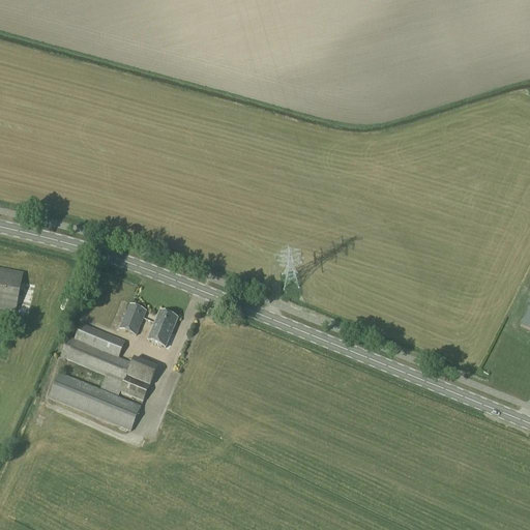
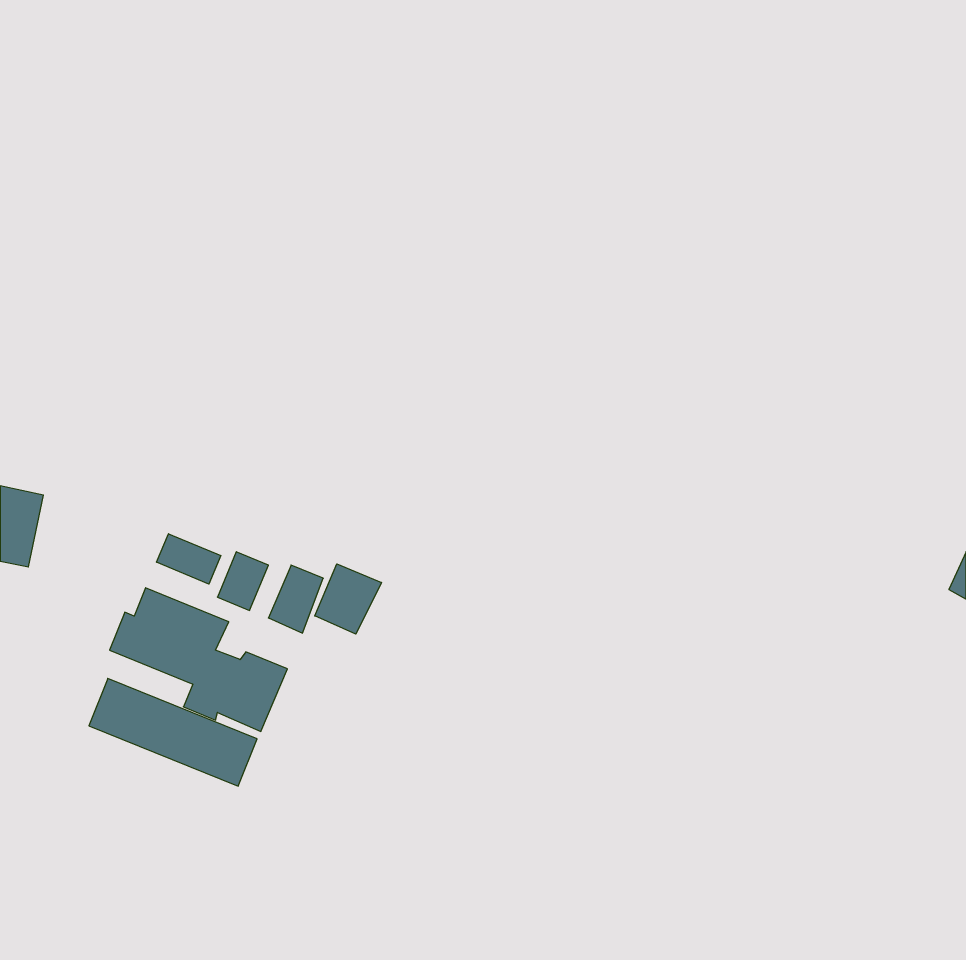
building: none -> [157,534,221,584]
building: none -> [315,564,381,634]

